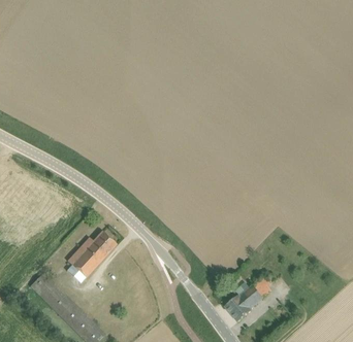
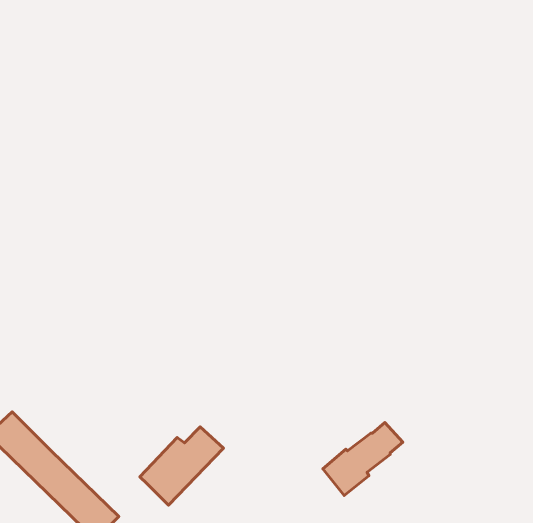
building: [68,232,117,277] -> [140,427,223,505]

